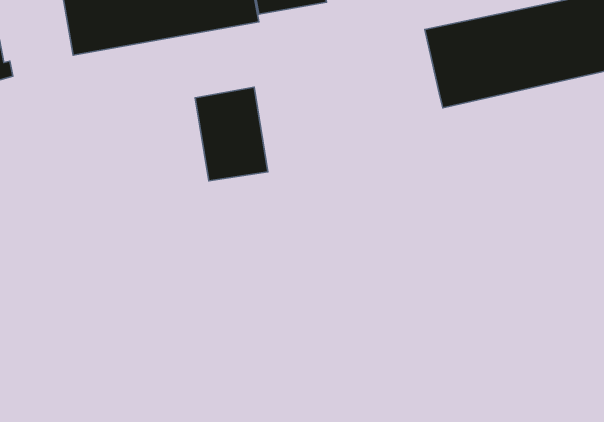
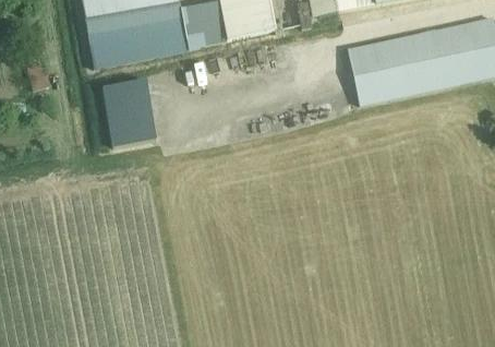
building: [195,87,268,181] -> [104,79,156,146]

